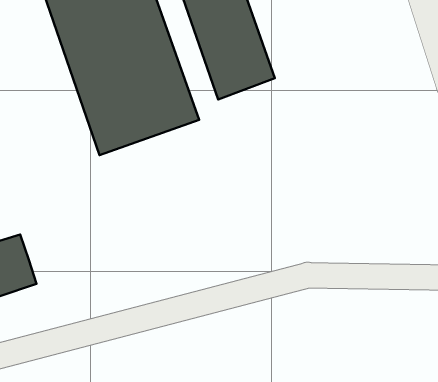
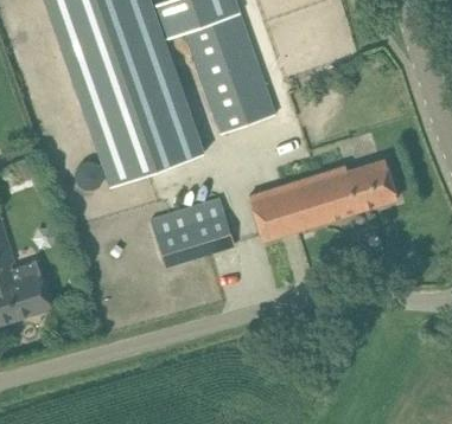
building: none -> [249,160,397,242]
building: none -> [152,199,235,265]

